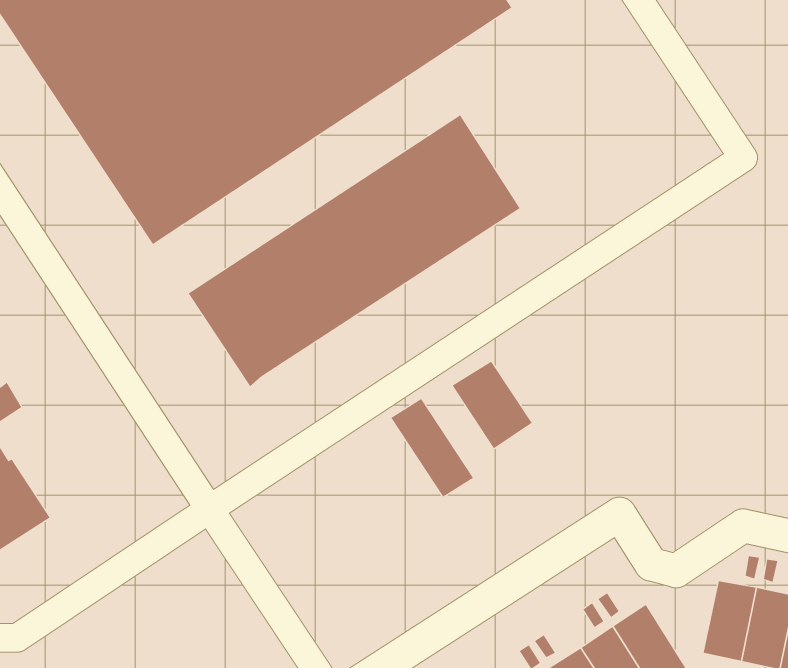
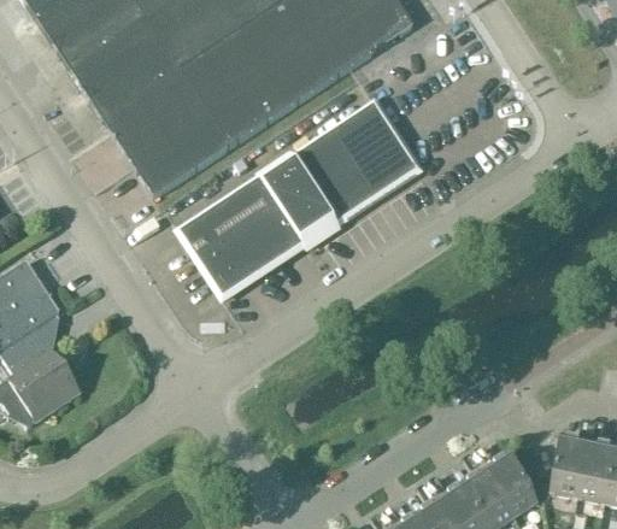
building: [452,361,533,449] -> none
building: [391,398,474,498] -> none

